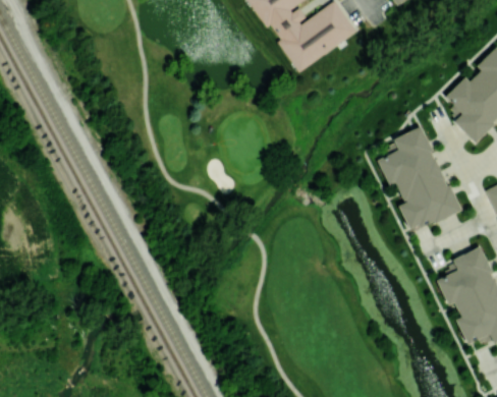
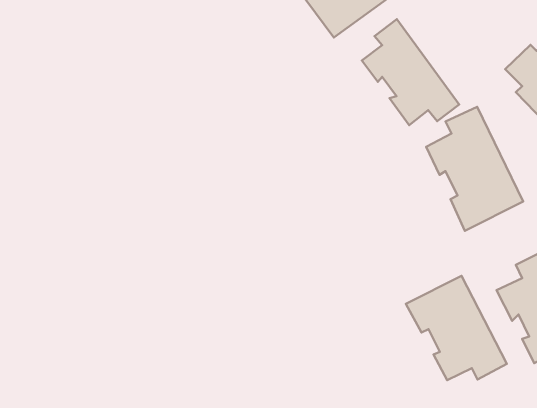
building: none -> [362,19,459,125]
building: none -> [406,276,507,380]

